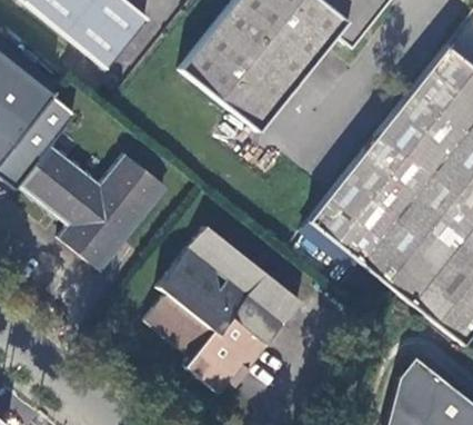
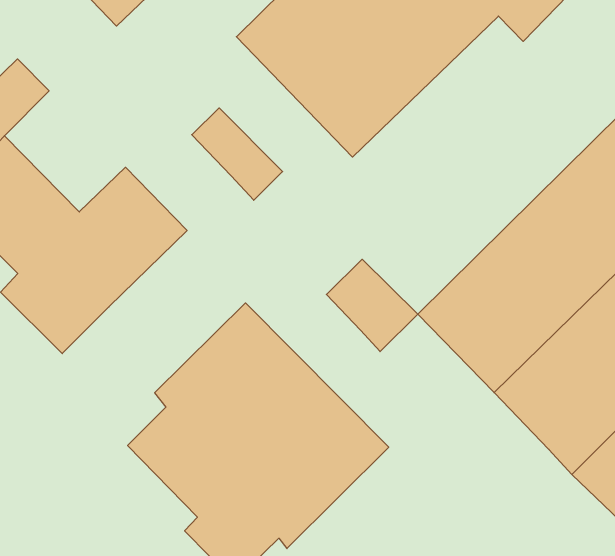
building: none -> [192,108,283,200]
building: none -> [326,259,418,352]

